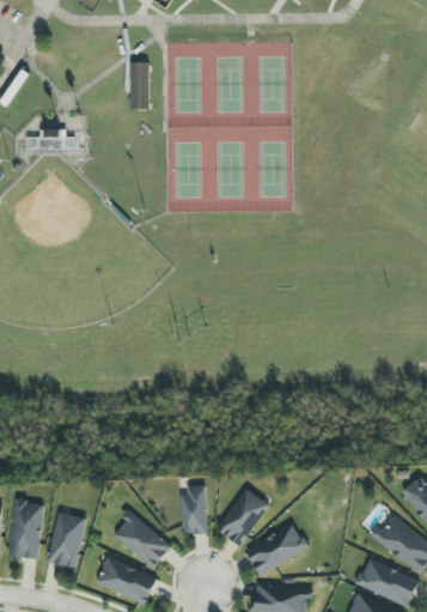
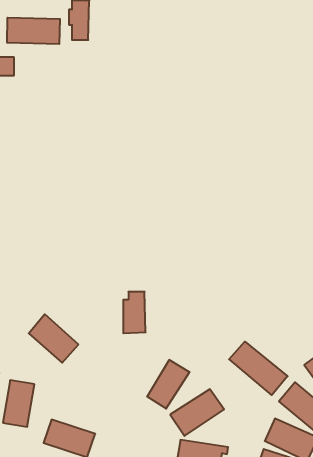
building: none -> [7,18,60,44]
building: none -> [229,342,288,395]
building: [181,485,207,534] -> [123,292,146,333]
building: [112,511,171,569] -> [29,314,78,363]

